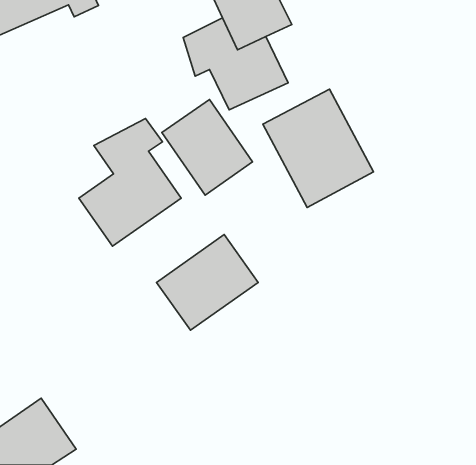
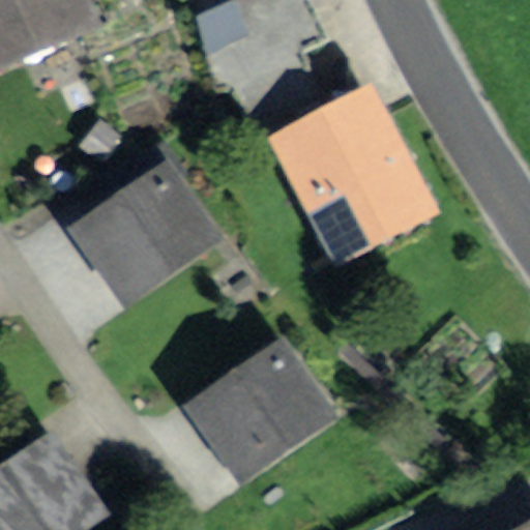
building: [162,100,252,195] -> none
building: [157,234,258,330] -> [204,344,316,449]

